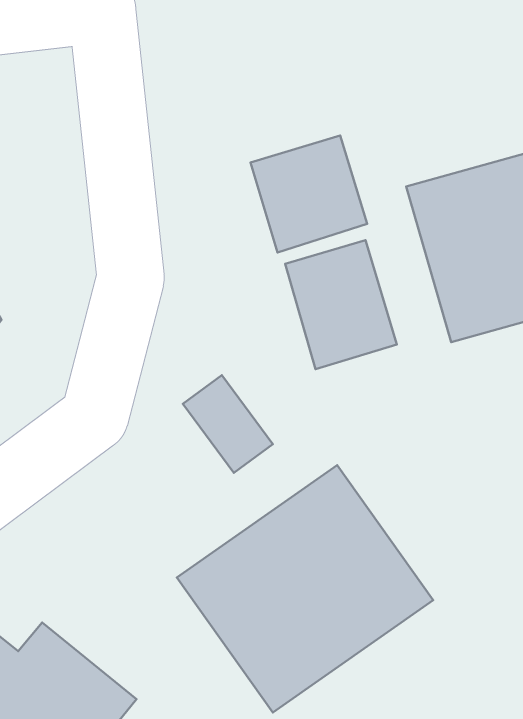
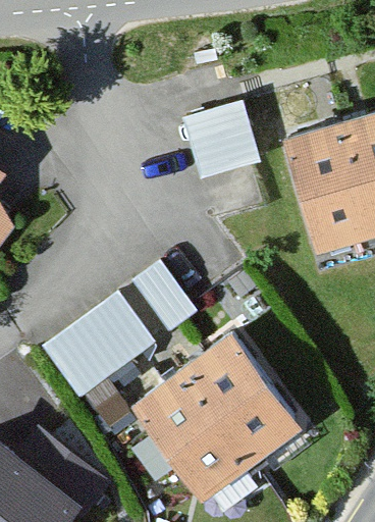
building: [285,240,397,369] -> none
building: none -> [45,298,154,400]

